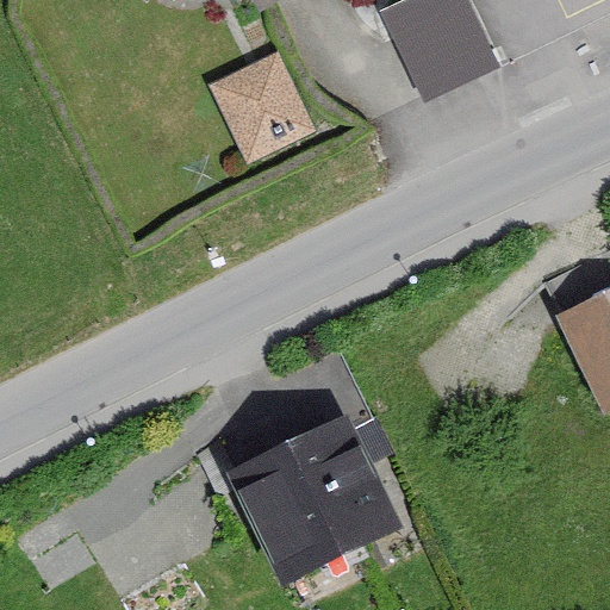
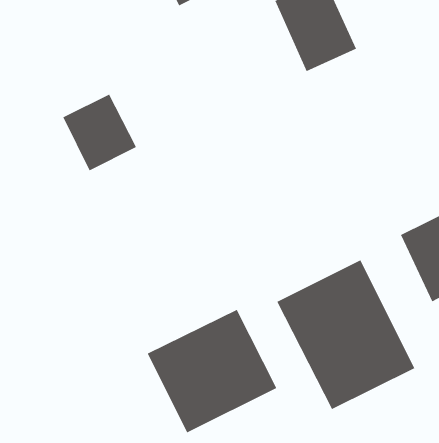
building: [217,56,317,160] -> [63,94,137,171]
building: none -> [277,259,415,410]

